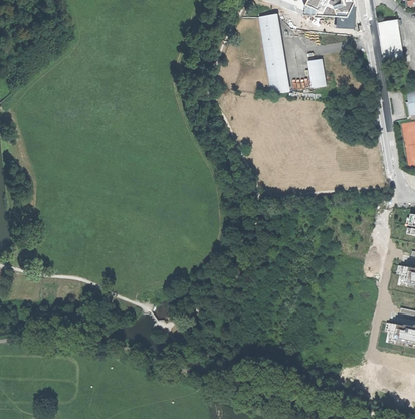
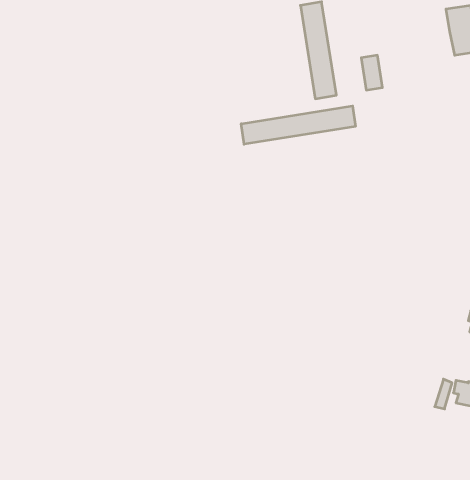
building: none -> [241,106,355,144]

